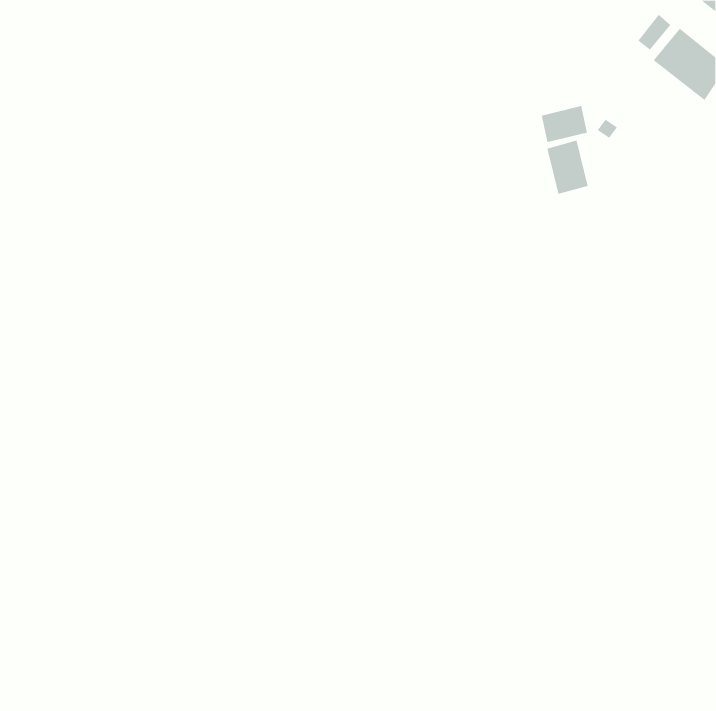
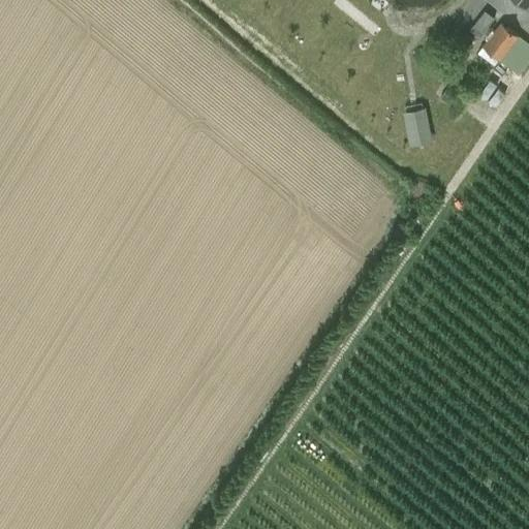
building: [541,105,588,143] -> none

